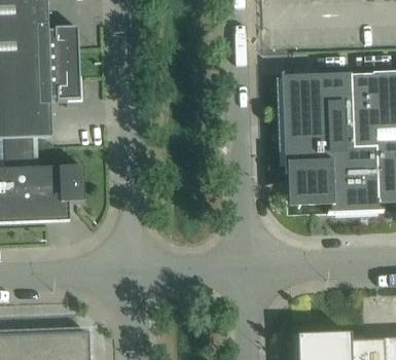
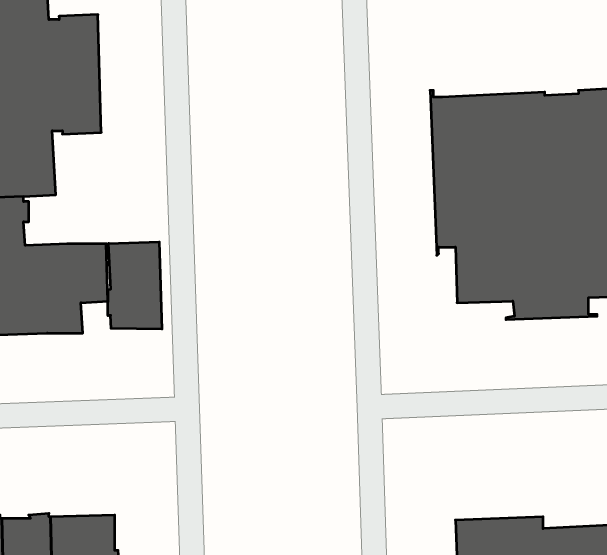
building: none -> [108,242,162,329]

